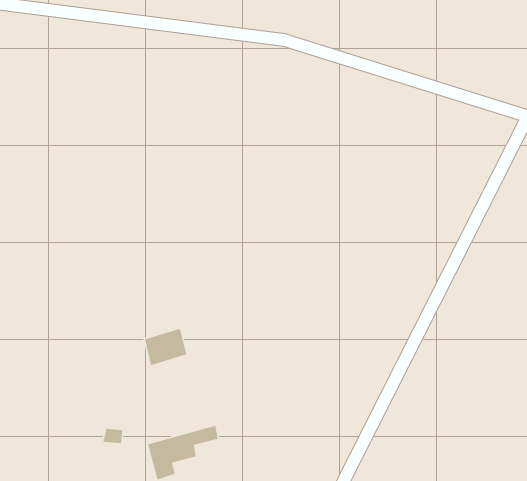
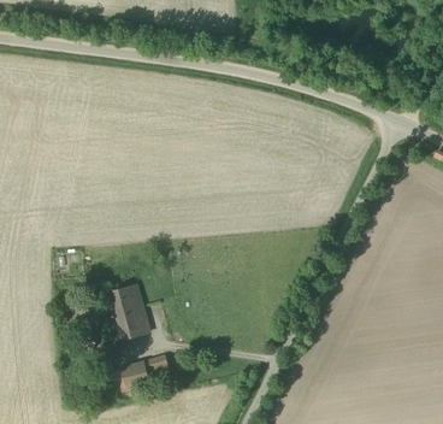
building: none -> [114,305,149,340]

